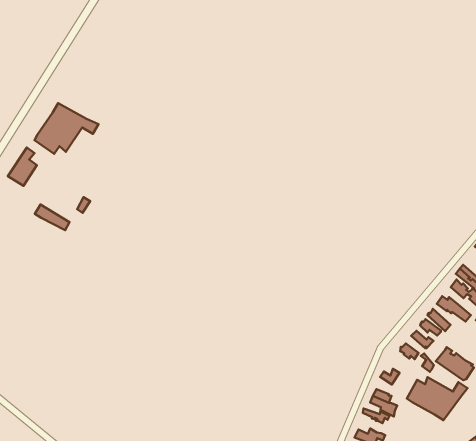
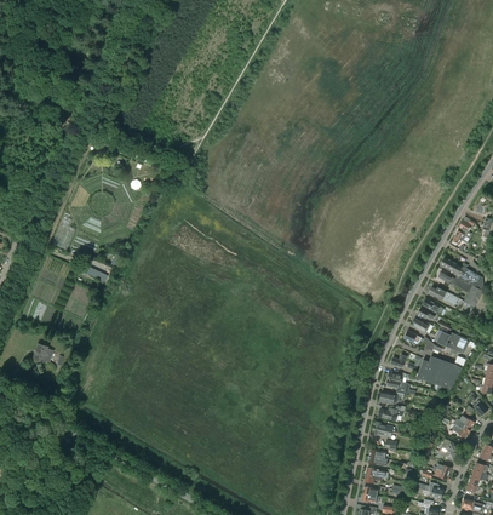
building: [34,103,98,154] -> none

